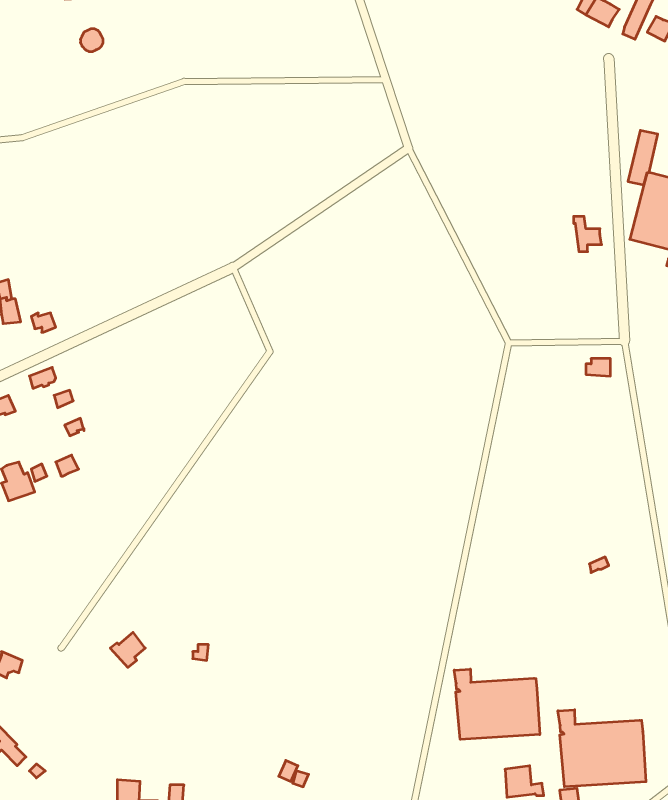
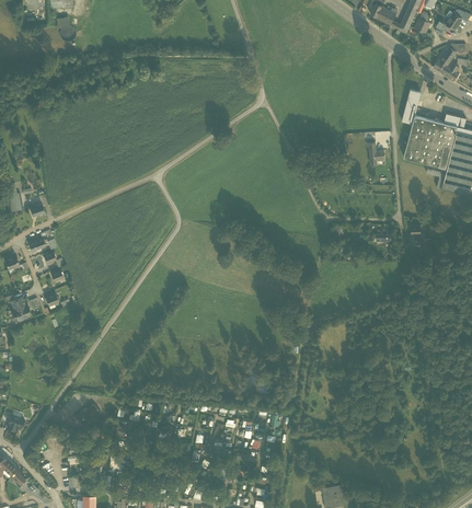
building: [454,669,540,739] -> none
building: [558,710,646,787] -> none

